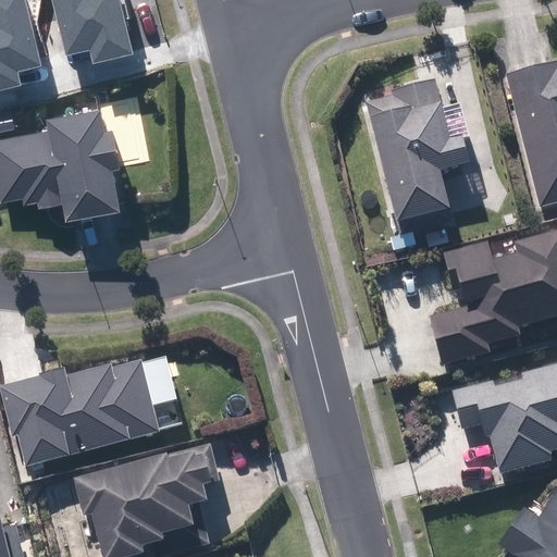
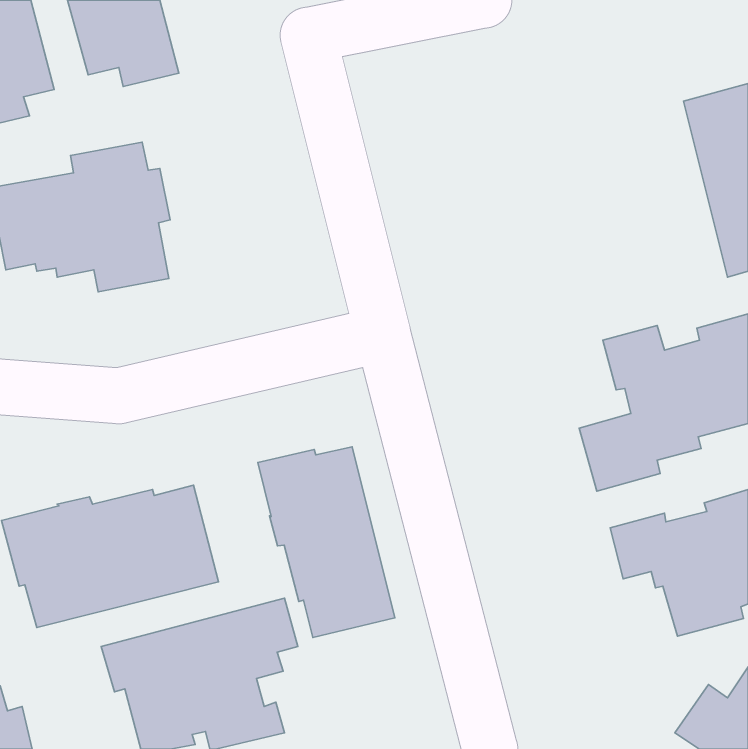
building: [367,81,471,222] -> none
building: none -> [258,447,395,638]

